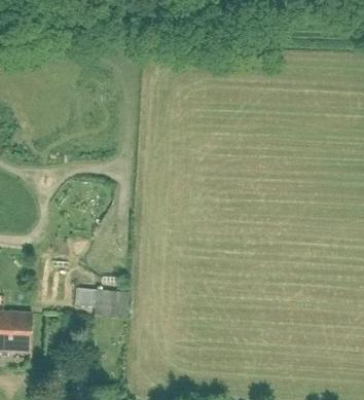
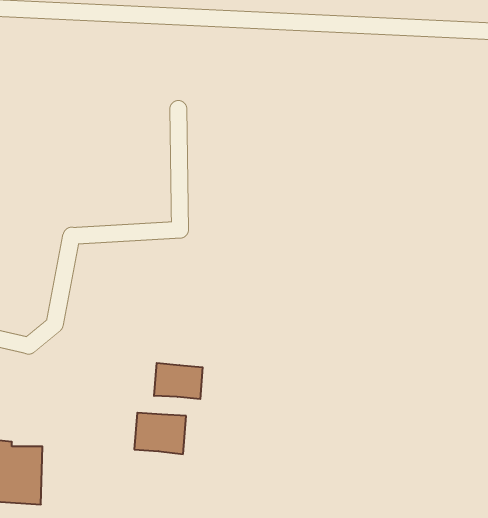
building: none -> [154,363,203,399]

